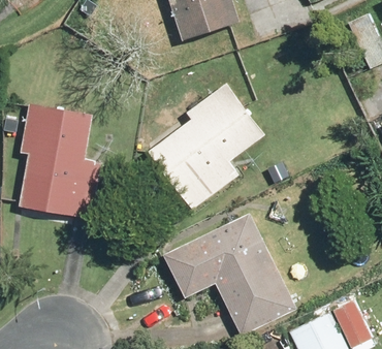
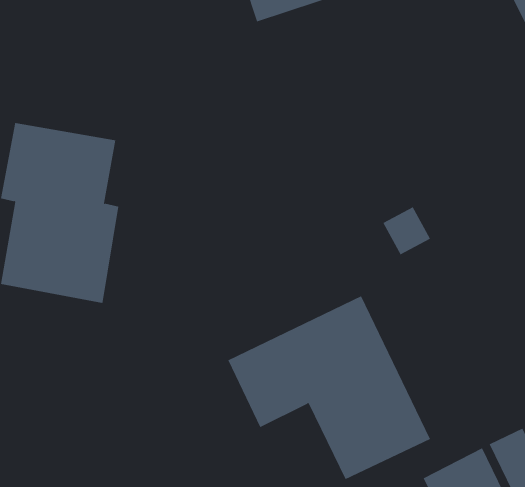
building: [149,82,265,211] -> none

